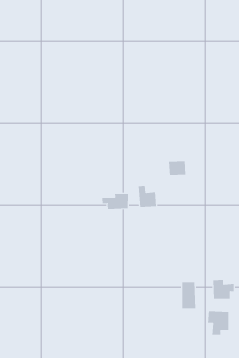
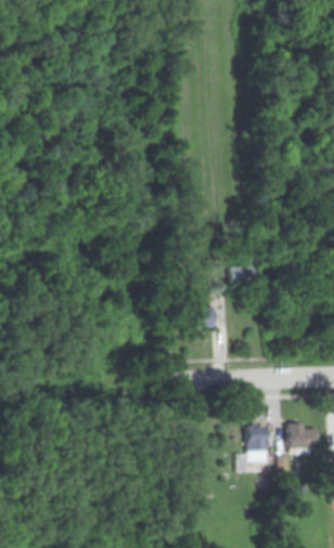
building: [102,193,128,210] -> none
building: [208,310,229,336] -> none

